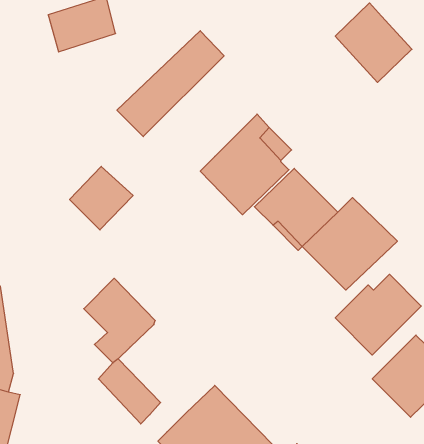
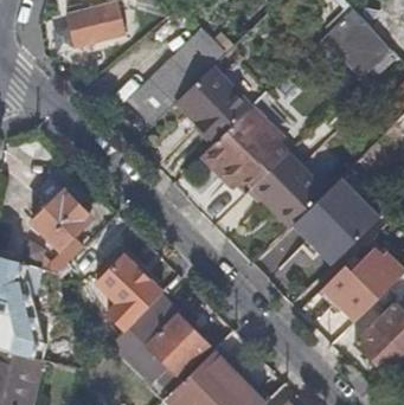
building: none -> [173,68,251,144]
building: [70,166,133,230] -> [32,192,89,249]
building: none -> [127,295,205,391]

